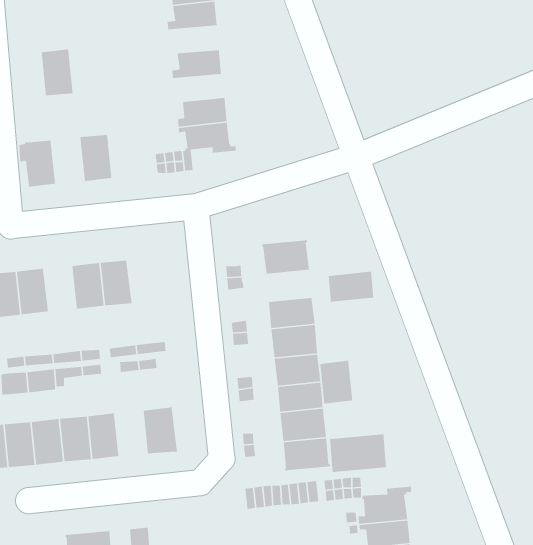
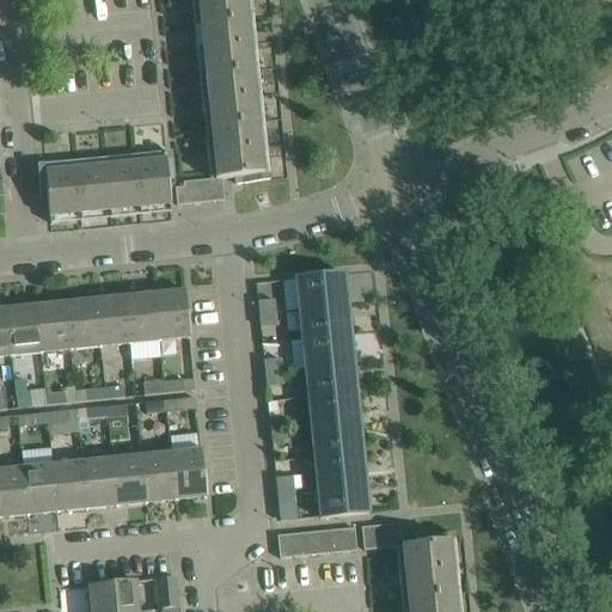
building: none -> [197,44,252,73]
building: [41,49,73,96] -> [74,161,109,212]
building: none -> [202,96,258,124]
building: none -> [134,155,176,206]
building: none -> [154,287,191,338]
building: none -> [66,298,100,347]
building: [328,271,374,303] -> [301,302,350,336]
building: [319,360,353,404] -> none
building: none -> [141,451,176,500]
building: [329,433,387,473] -> none

